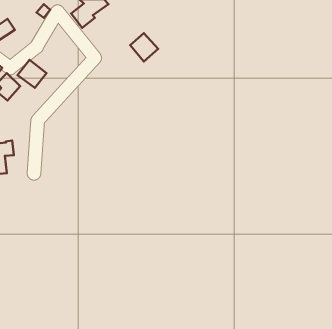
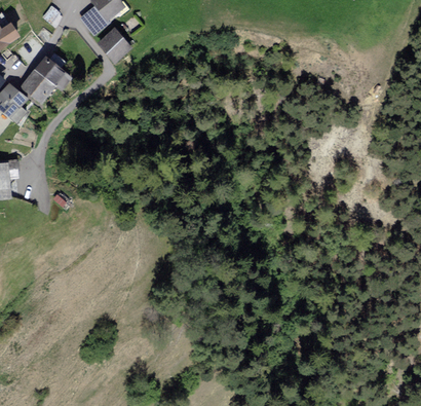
building: [130,33,158,61] -> [99,29,130,61]
building: none -> [35,57,71,88]

